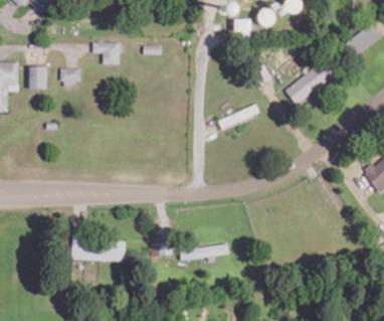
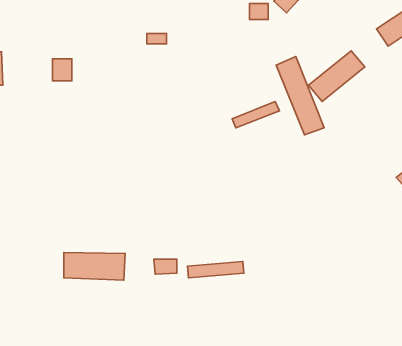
building: [93,41,121,63] -> none
building: none -> [276,57,324,135]
building: [29,65,47,88] -> none

